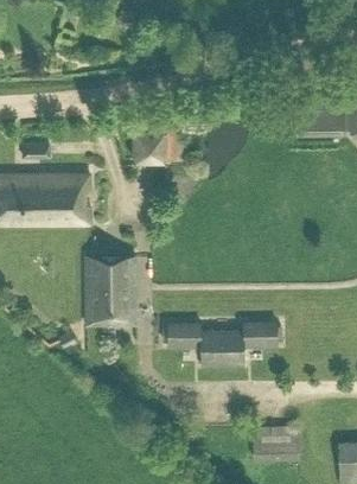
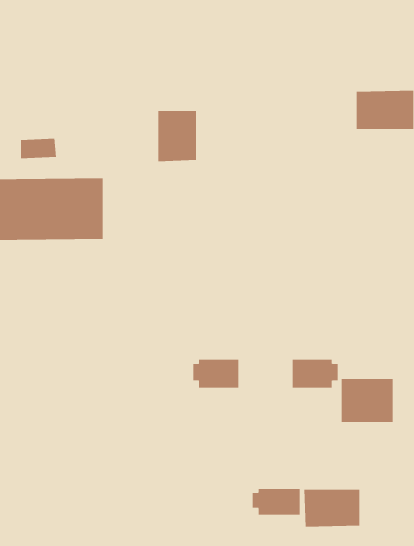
building: [85,256,135,325] -> none
building: [199,329,242,364] -> [341,379,393,422]
building: none -> [252,488,300,515]

